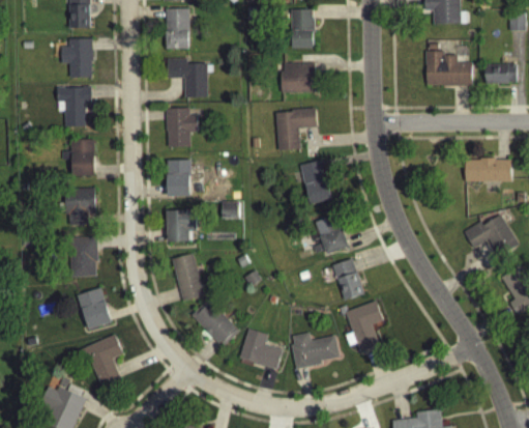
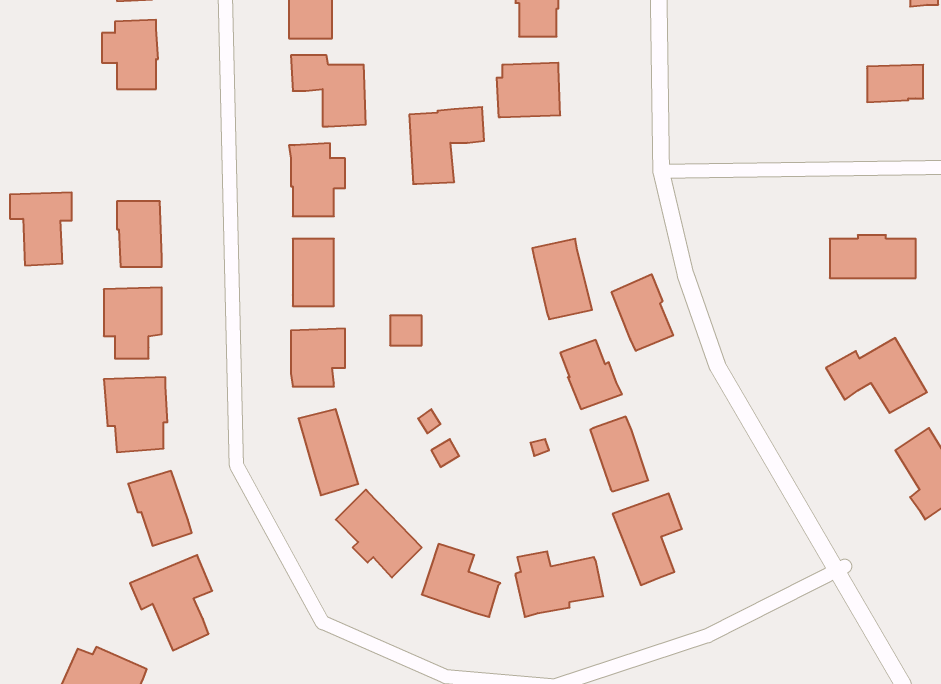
building: [427,51,471,85] -> none
building: [57,86,91,126] -> [10,192,72,265]
building: [276,108,318,150] -> [409,107,484,184]
building: none -> [612,274,673,351]

